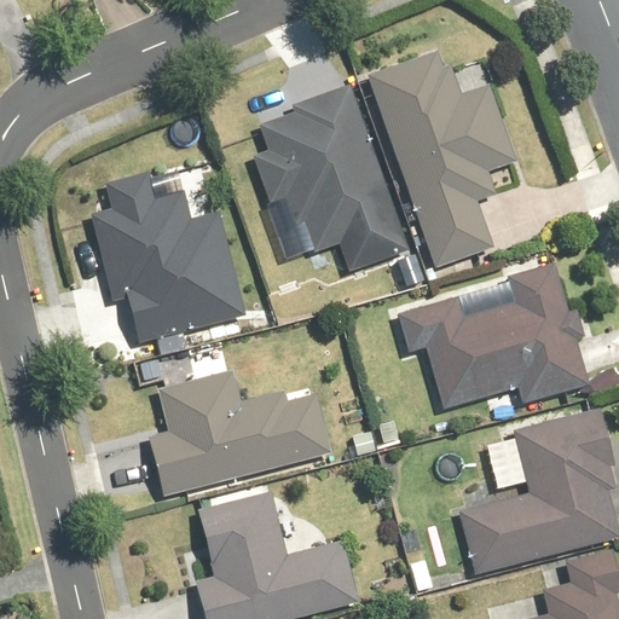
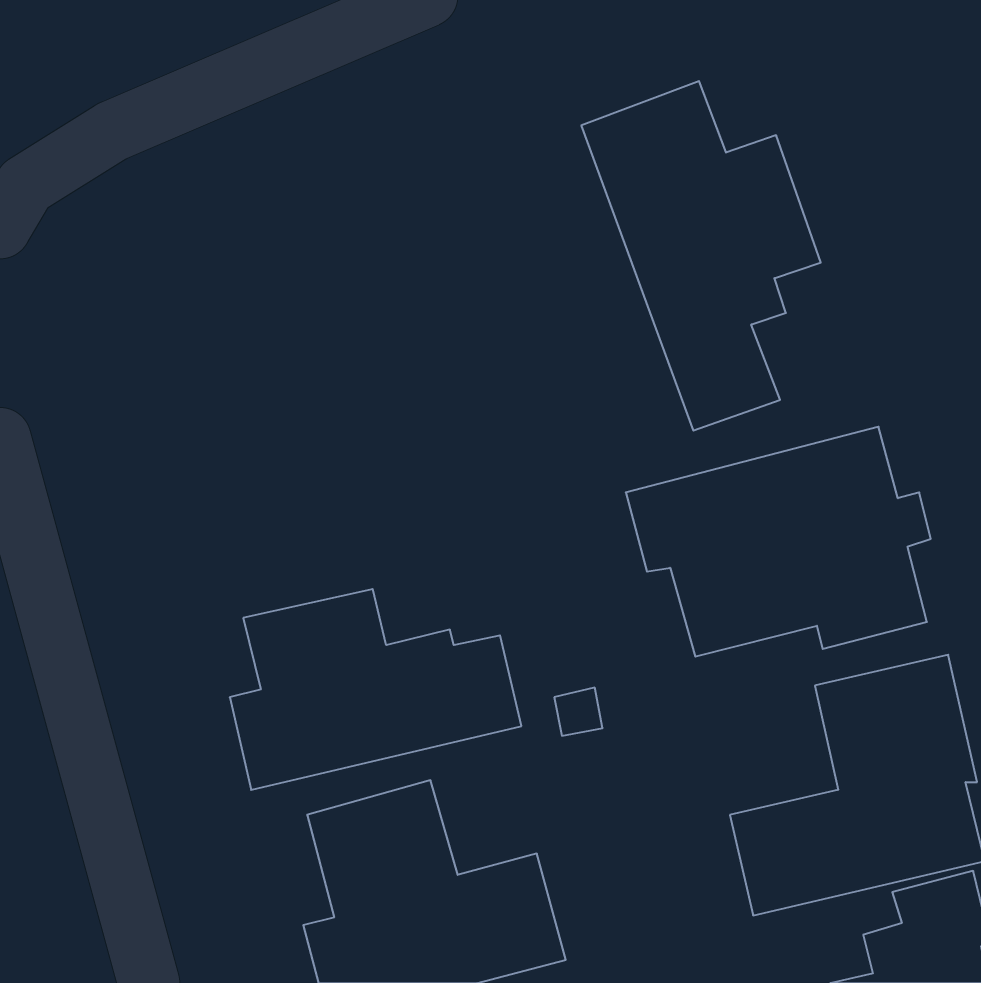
building: [251,85,413,271] -> none
building: [92,172,245,354] -> none

